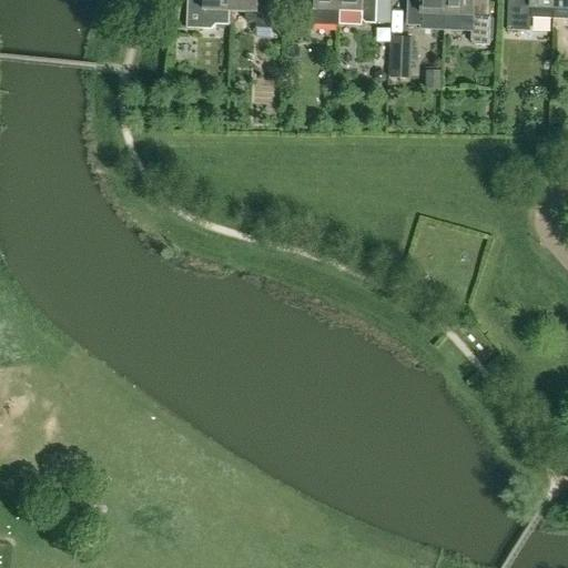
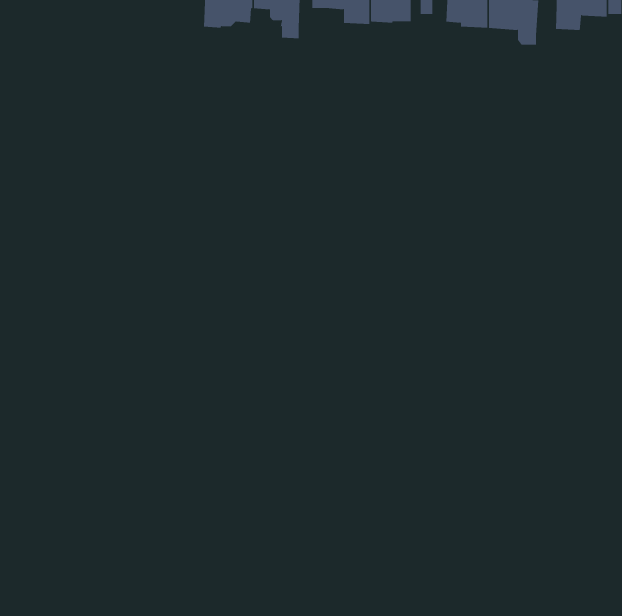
building: [392,33,412,73] -> none

